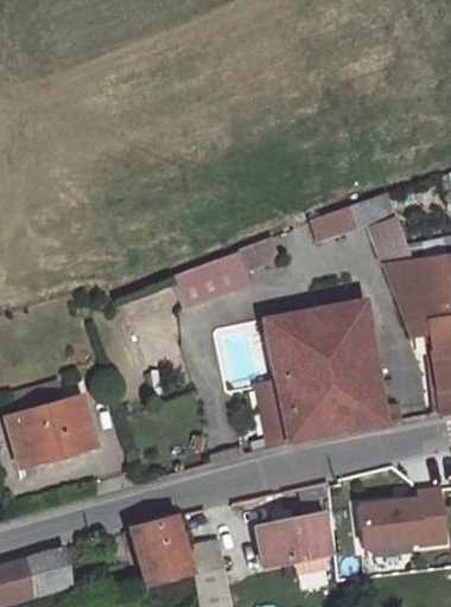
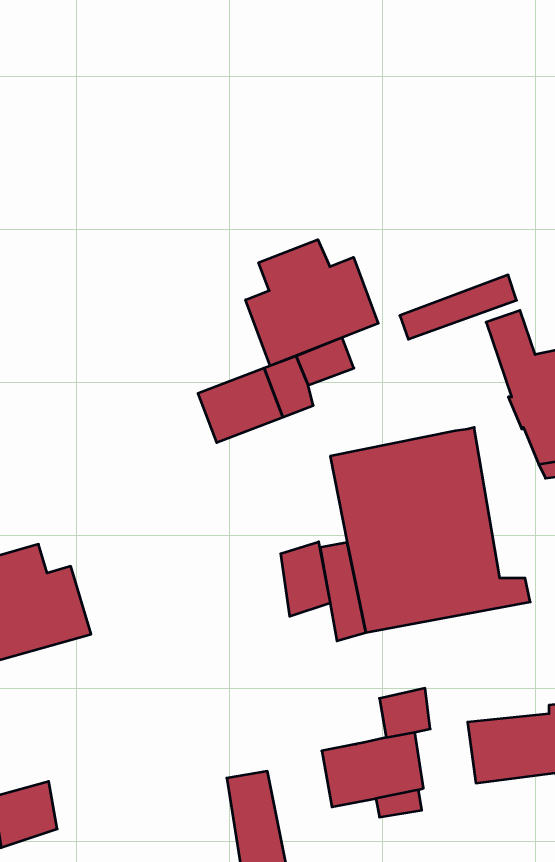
building: none -> [246,240,378,366]
building: none -> [281,542,330,616]
building: [131,517,191,584] -> none

